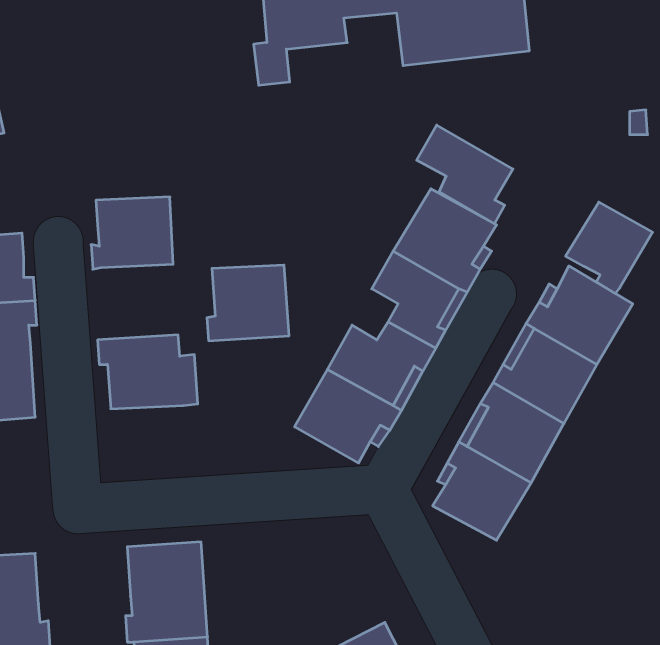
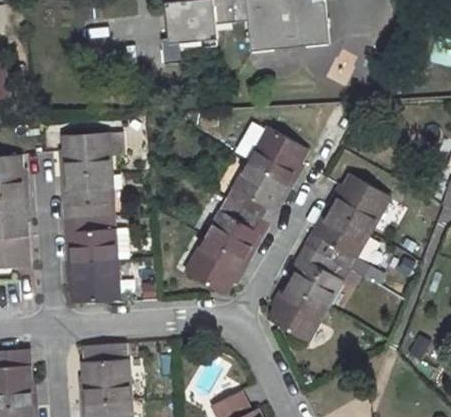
building: [417,125,513,224] -> none
building: [566,202,653,293] -> none
building: [207,265,289,341] -> [64,173,114,219]
building: none -> [67,259,119,302]

